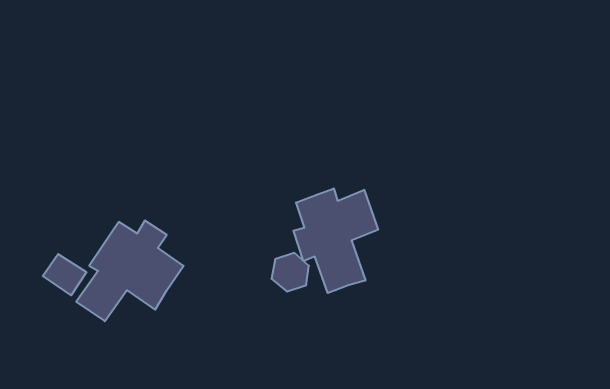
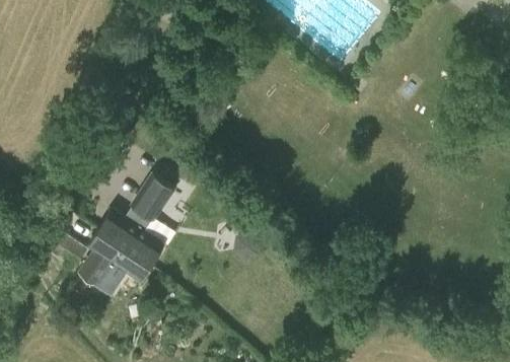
building: none -> [132,174,173,220]
building: [293,188,378,293] -> none

